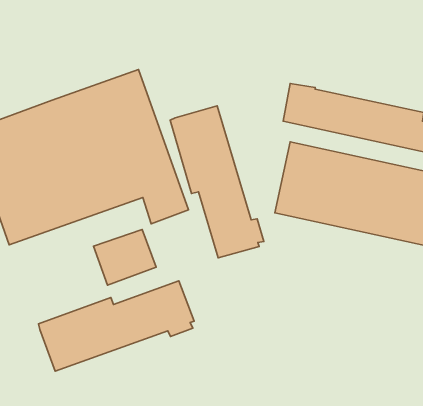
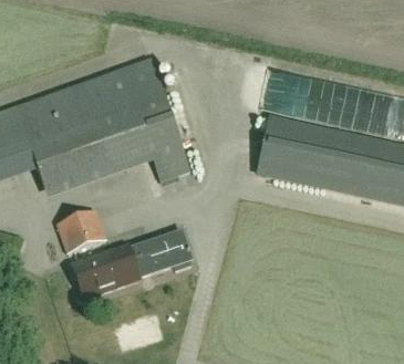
building: [170,106,264,258] -> none
building: [93,230,156,285] -> [56,209,106,253]

